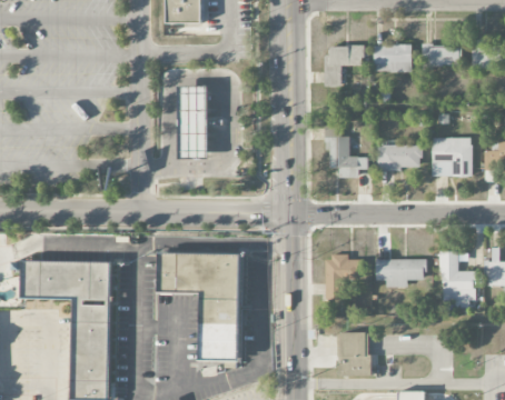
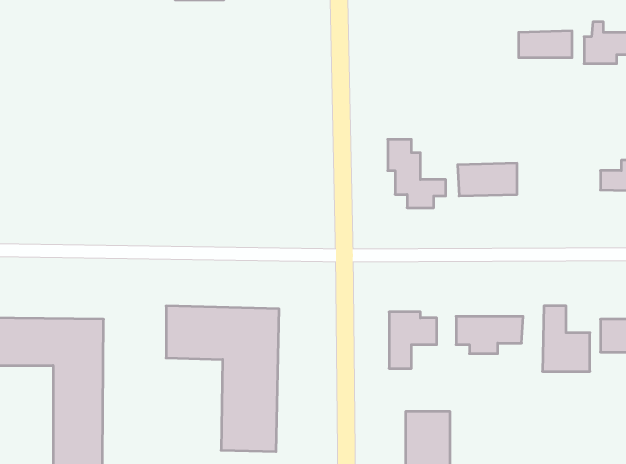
building: [374,44,412,71] -> none
building: [325,46,365,87] -> none
building: [180,83,209,157] -> none
building: [433,137,473,176] -> none

